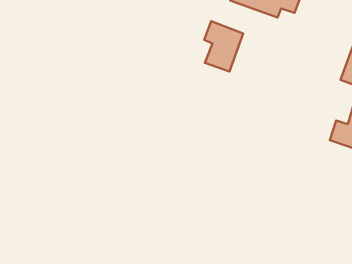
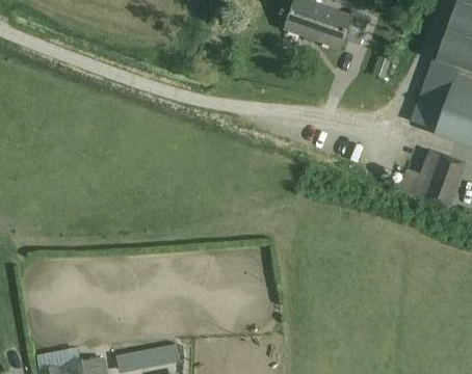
building: [204,21,243,72] -> none

